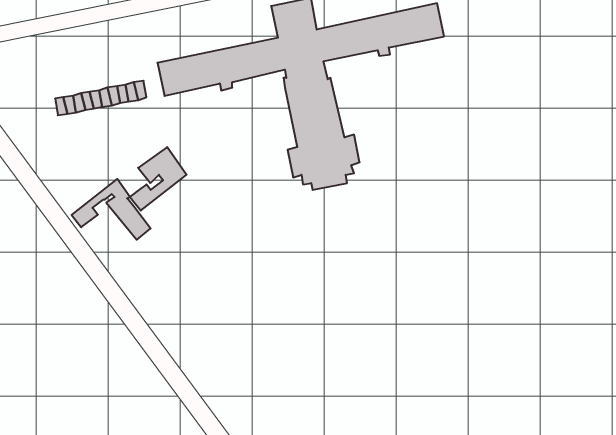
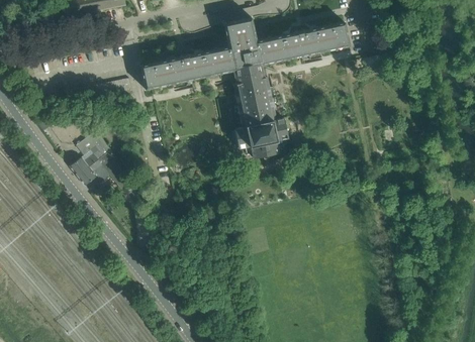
building: [130,147,187,211] -> [68,131,109,178]

